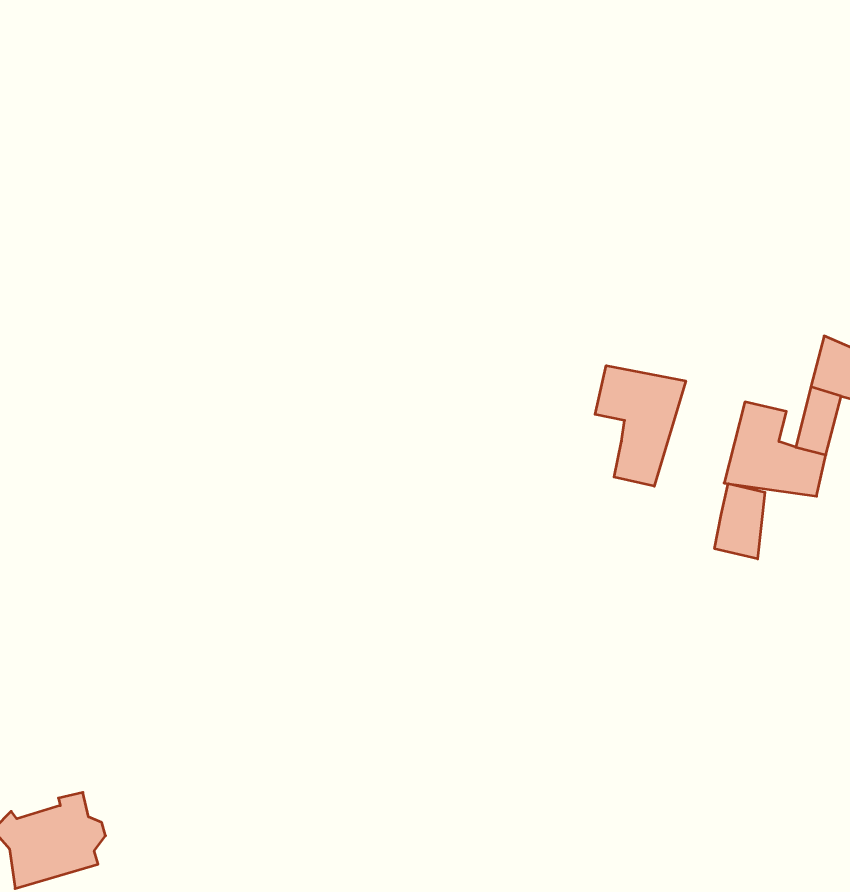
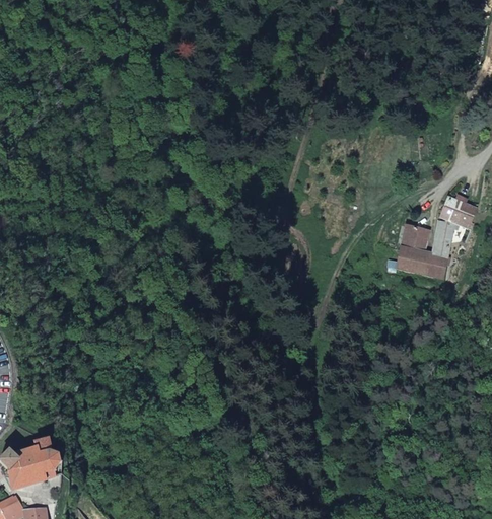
building: [595,366,686,486] -> none
building: [715,484,765,559] -> none

